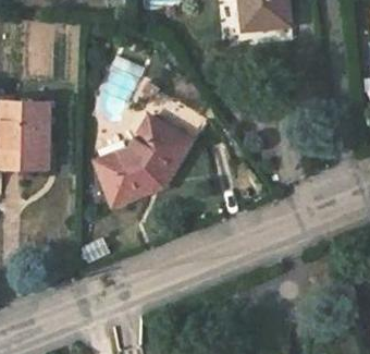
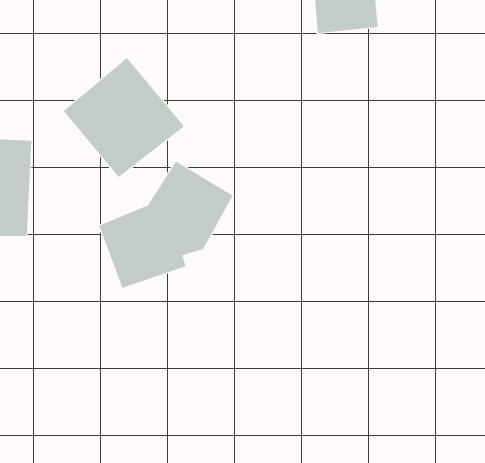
building: none -> [63,57,185,178]

